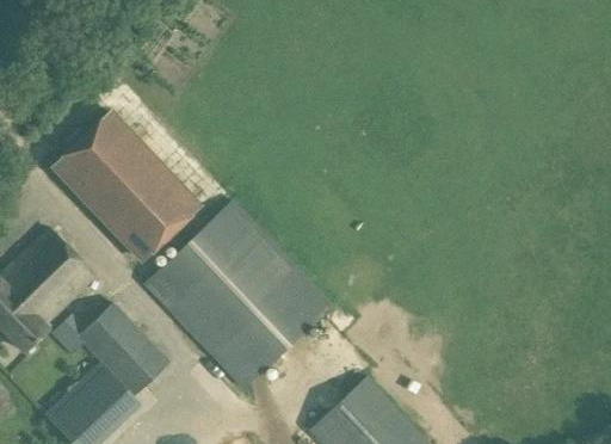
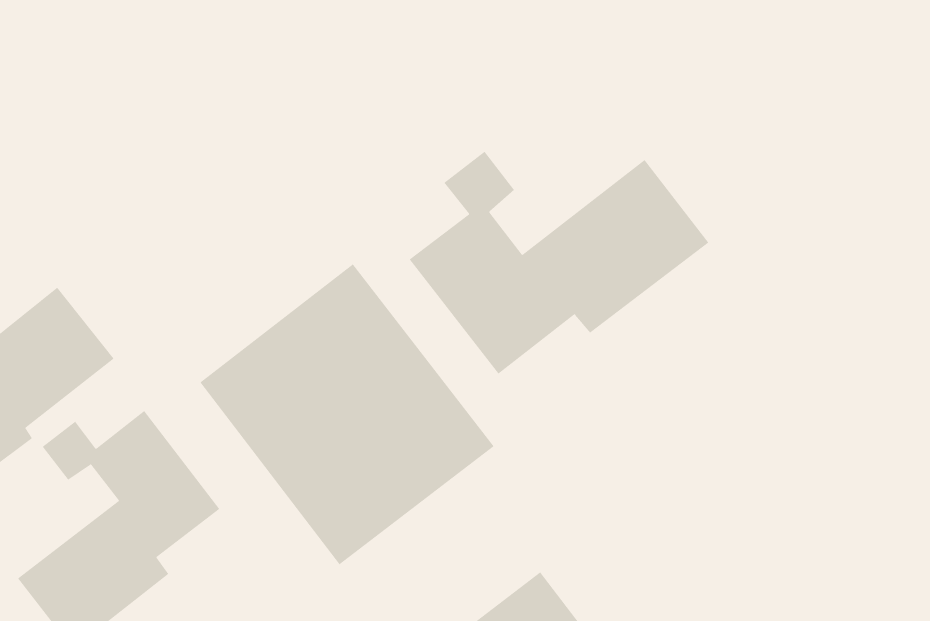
building: [50,111,198,263] -> none
building: none -> [409,151,709,374]

